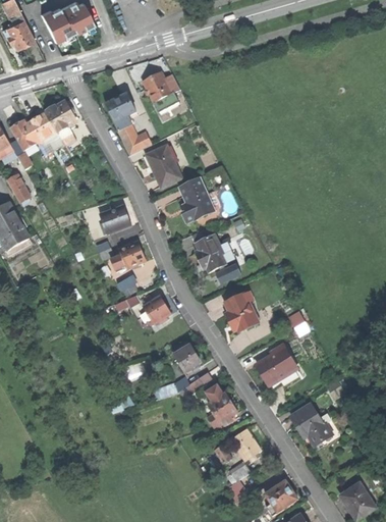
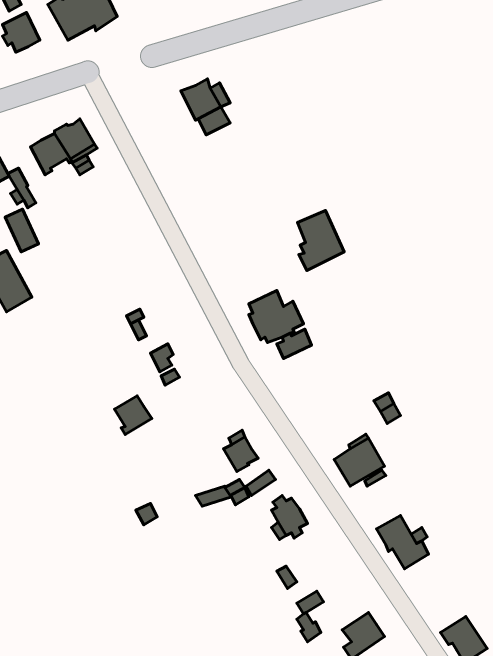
building: [103,89,152,154] -> none
building: [147,146,181,187] -> none
building: [179,177,215,223] -> [298,211,344,270]
building: [100,201,130,231] -> none
building: [119,241,146,268] -> none
building: [225,293,259,329] -> none
building: [143,295,171,324] -> [115,396,152,434]
building: [231,427,261,459] -> none

